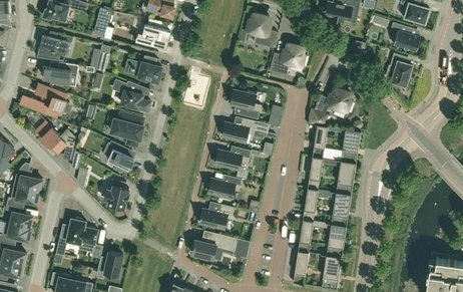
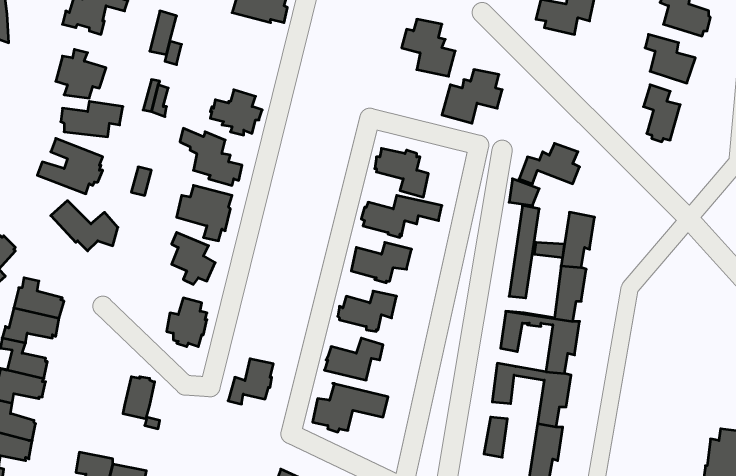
building: [142,20,171,49] -> none
building: [57,219,85,247] -> none
building: [95,253,122,280] -> [228,359,273,404]

